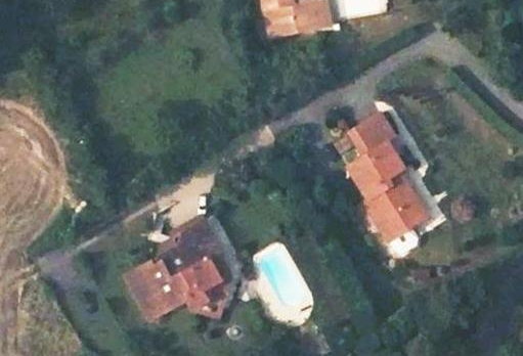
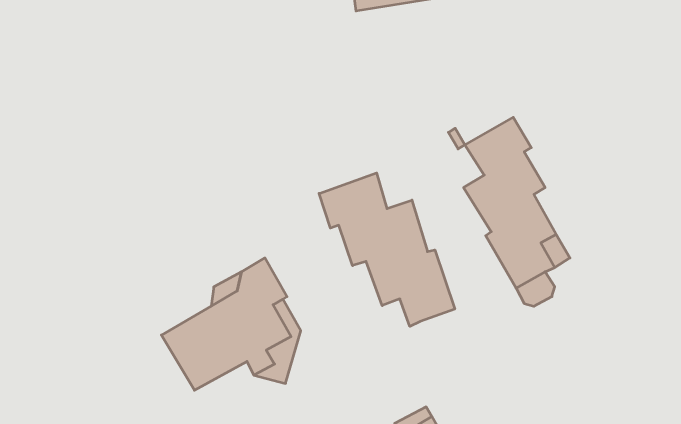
building: none -> [319,173,455,326]

